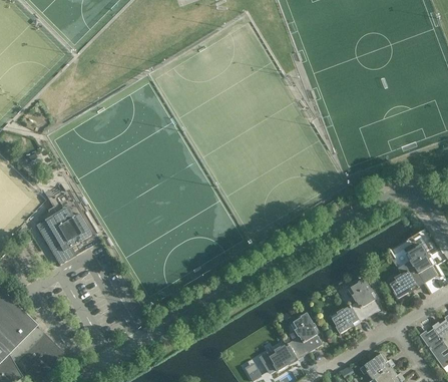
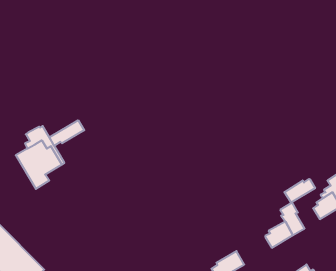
building: none -> [50,120,84,146]
building: none -> [284,179,315,202]
building: [293,313,321,352] -> none

